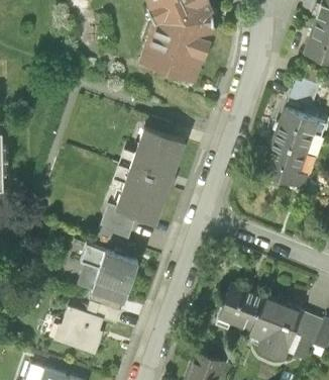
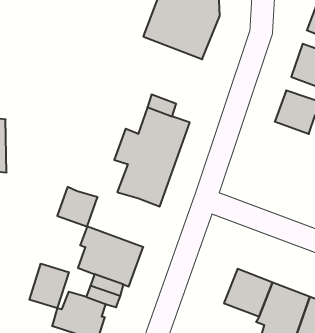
building: [258,140,303,187] -> none
building: [97,205,136,244] -> [57,187,98,226]
building: none -> [29,264,69,308]

